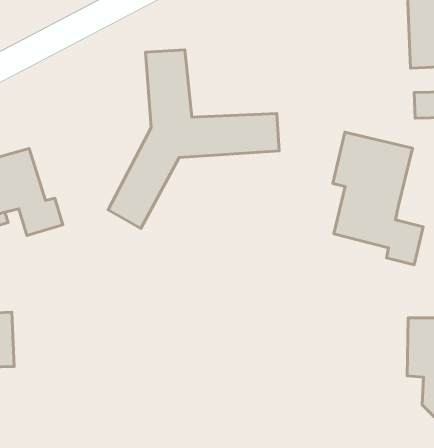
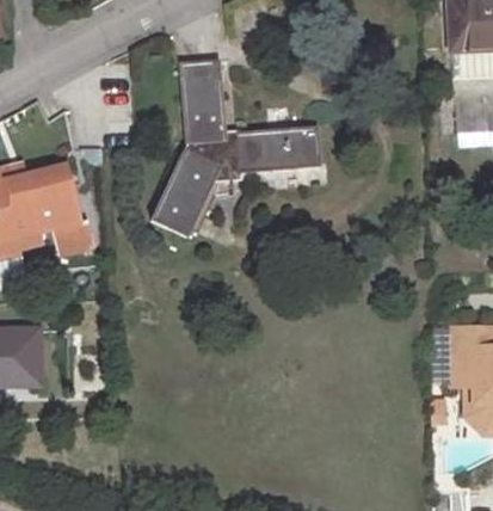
building: [333,132,423,265] -> none

